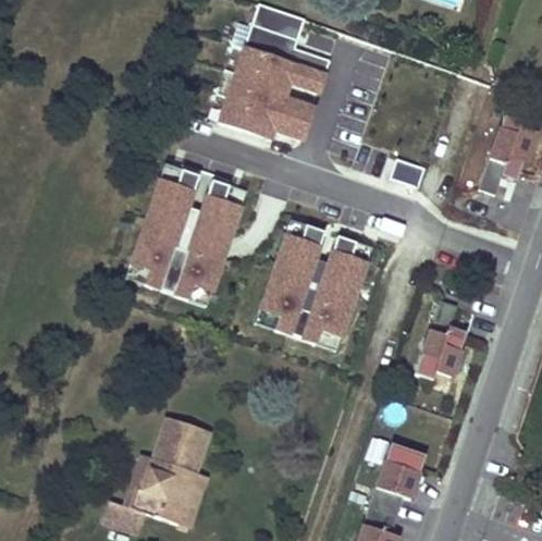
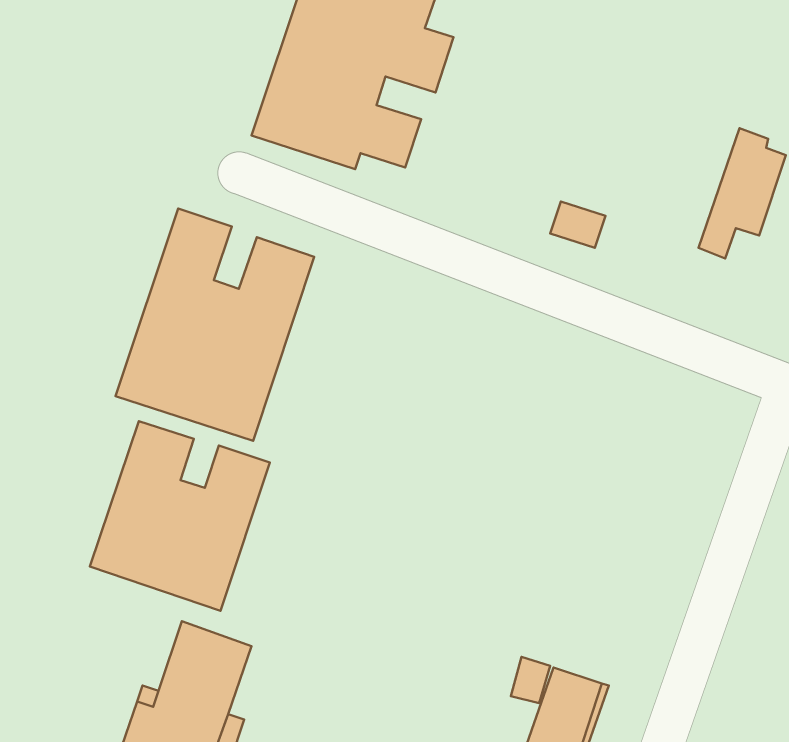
building: [254,219,371,351] -> none
building: none -> [90,421,270,611]
building: [417,300,467,380] -> none

